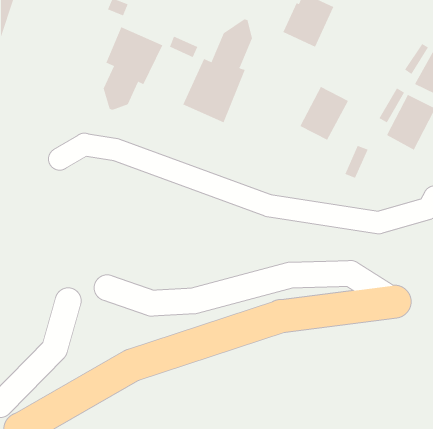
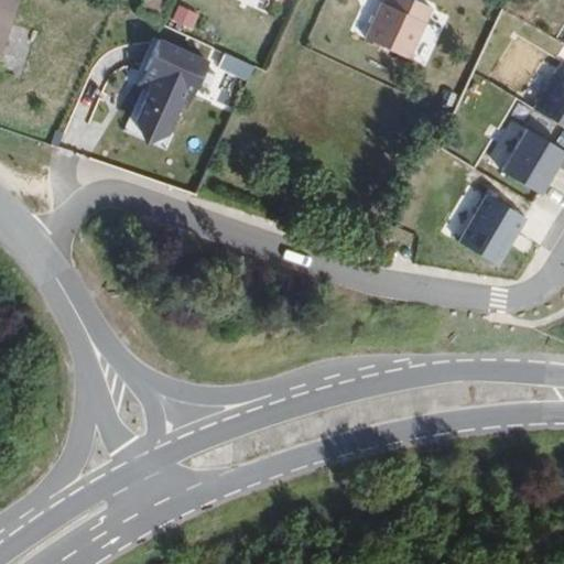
building: [182,18,253,123] -> none
building: [299,86,349,141] -> [460,192,524,262]

